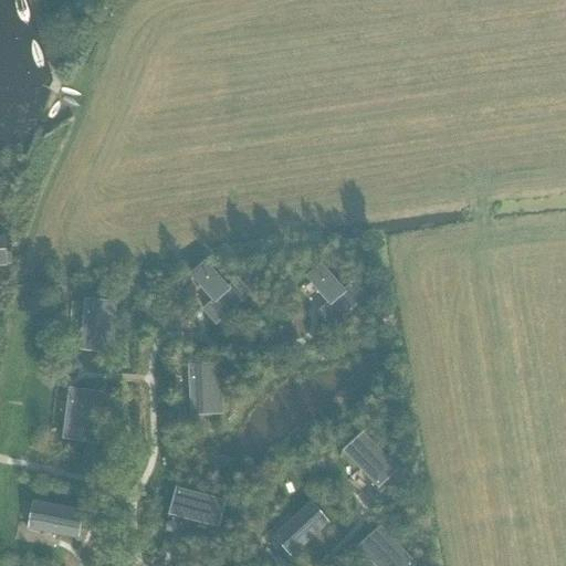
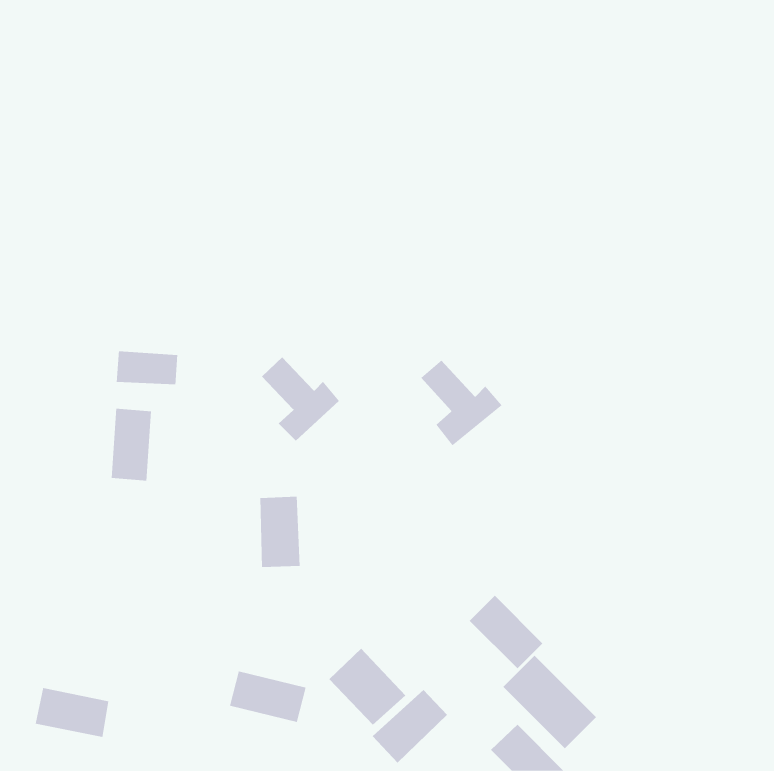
building: none -> [116,350,178,385]
building: [63,387,97,440] -> none
building: none -> [328,648,406,726]
building: none -> [503,655,597,749]

